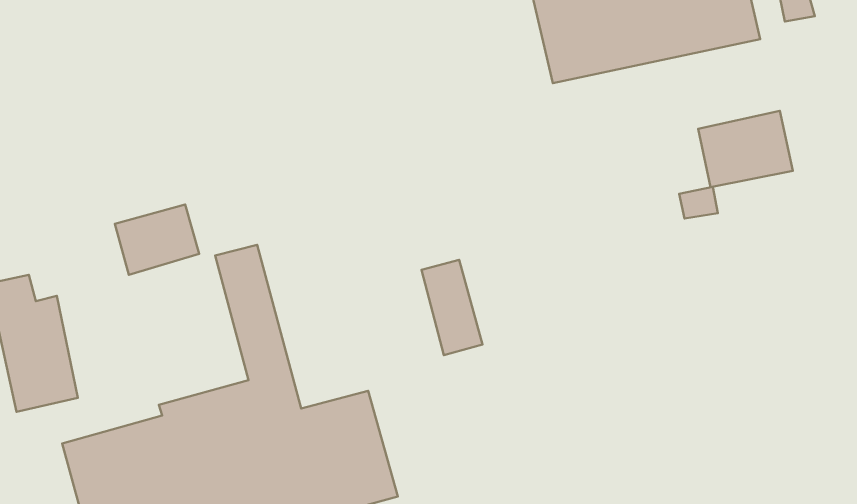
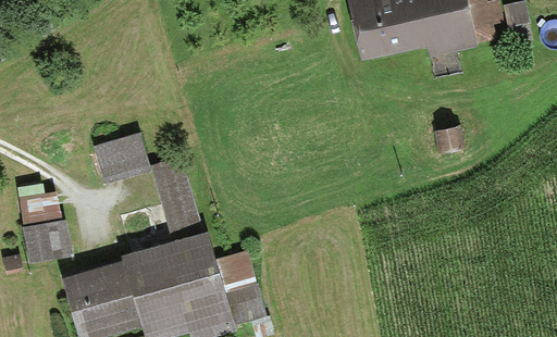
building: [698,111,793,187] -> none
building: [421,260,483,355] -> none

